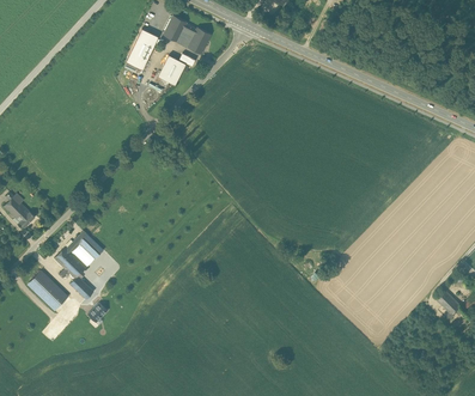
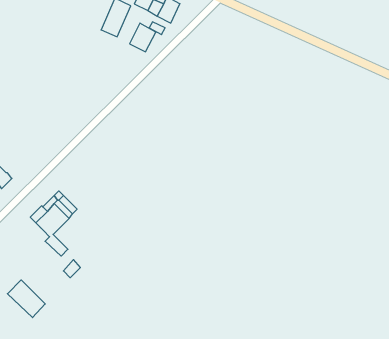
building: [26,272,66,311] -> [7,280,45,318]

